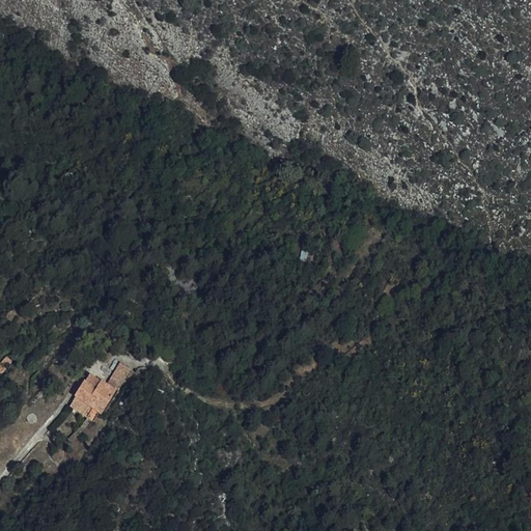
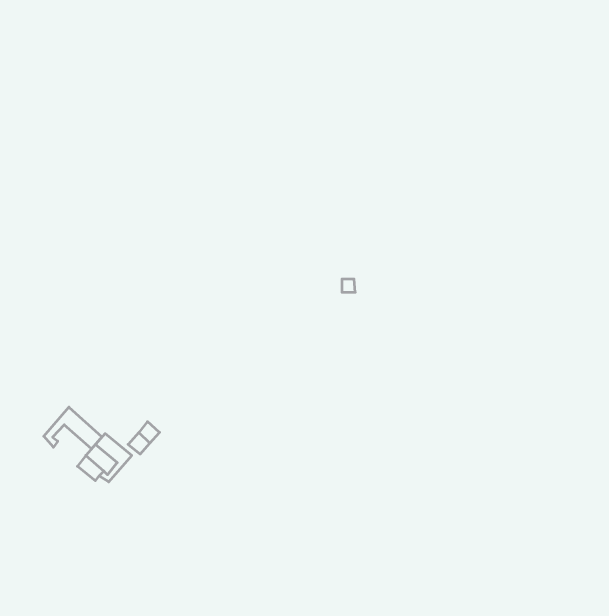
building: none -> [44,407,102,449]

